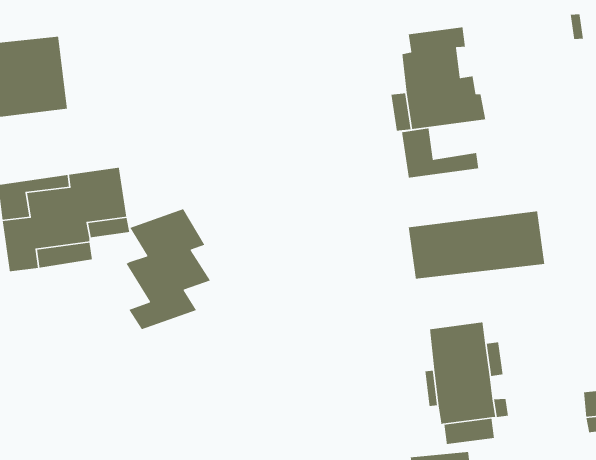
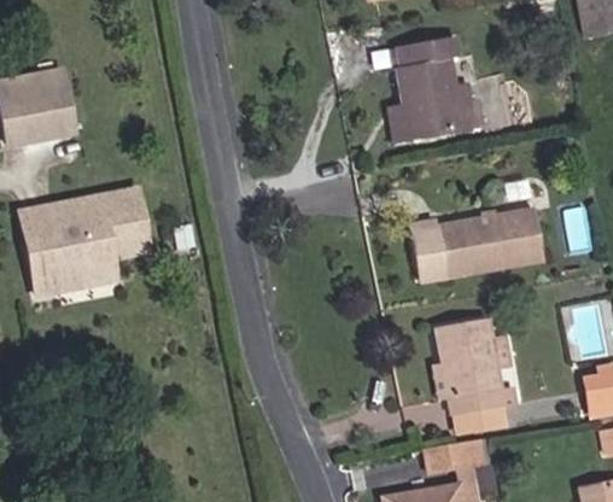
building: [401,127,479,178] -> none
building: [126,208,211,330] -> none

